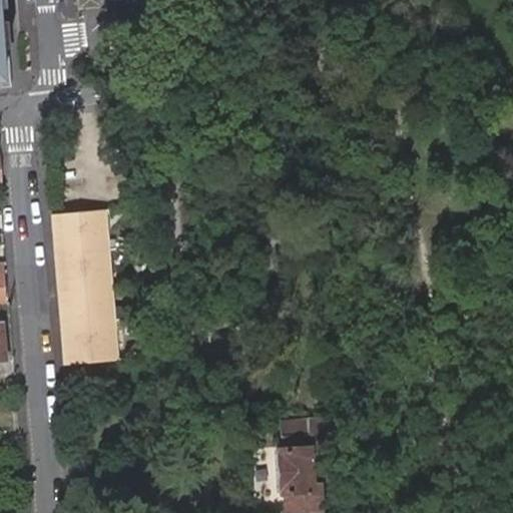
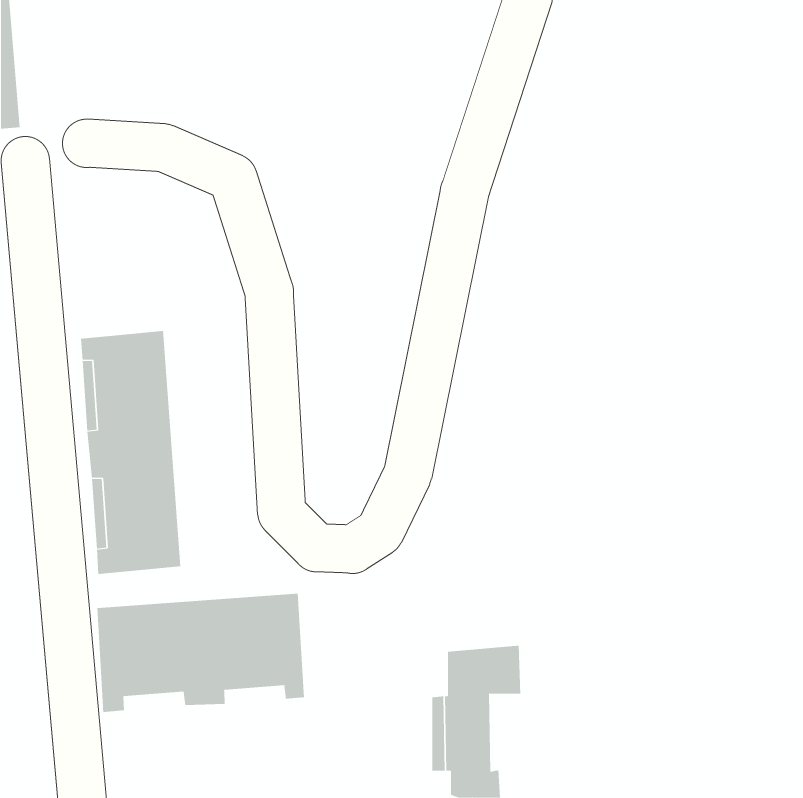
building: none -> [97,593,304,713]

